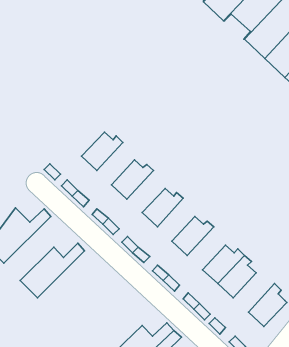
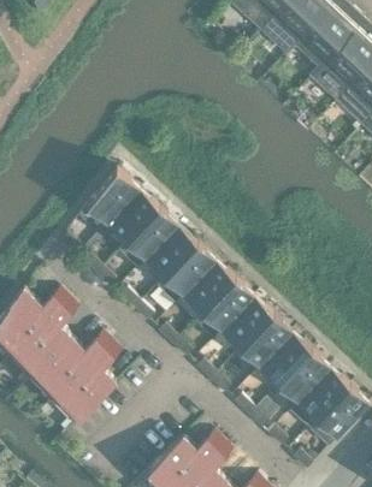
building: none -> [87,171,136,225]
building: none -> [126,208,173,261]
building: none -> [155,243,212,305]
building: none -> [194,278,249,340]
building: none -> [10,301,78,385]
building: none -> [240,314,288,368]
building: none -> [52,344,120,424]
building: none -> [289,372,349,429]

